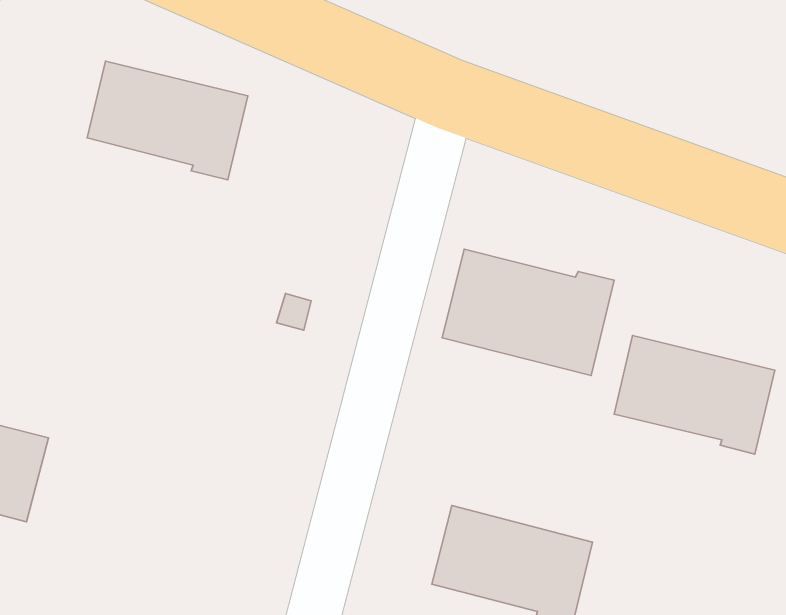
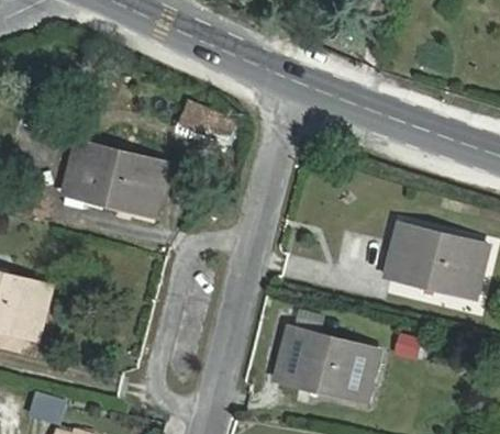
building: [87,61,248,180] -> [67,143,164,214]
building: [442,249,614,375] -> none

